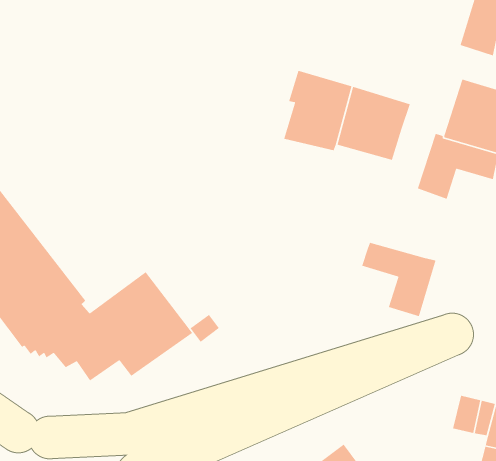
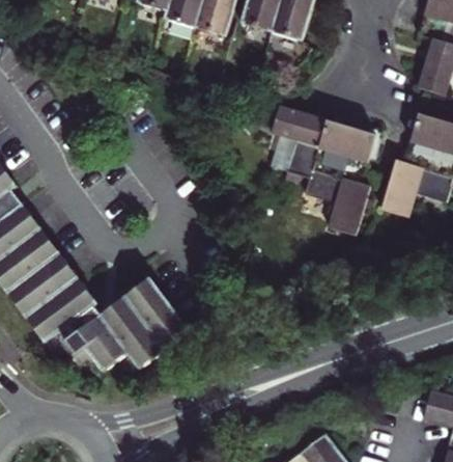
building: [361,242,436,317] -> [308,171,372,236]

